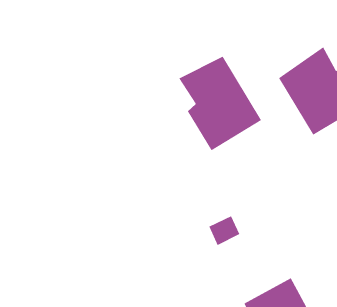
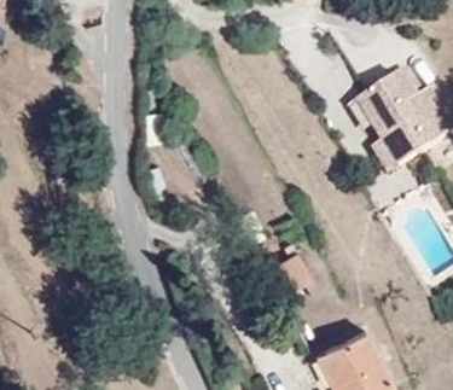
building: [178,56,262,151] -> none

